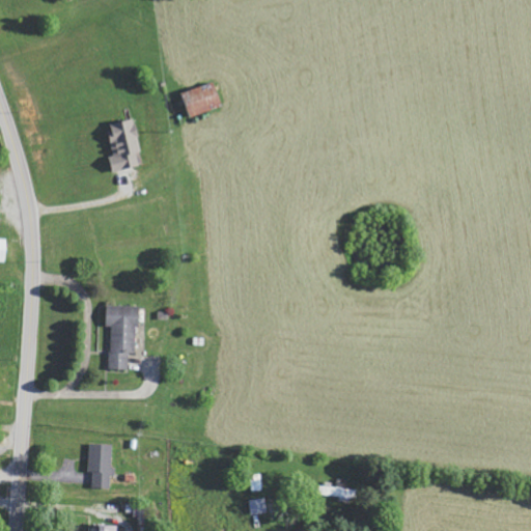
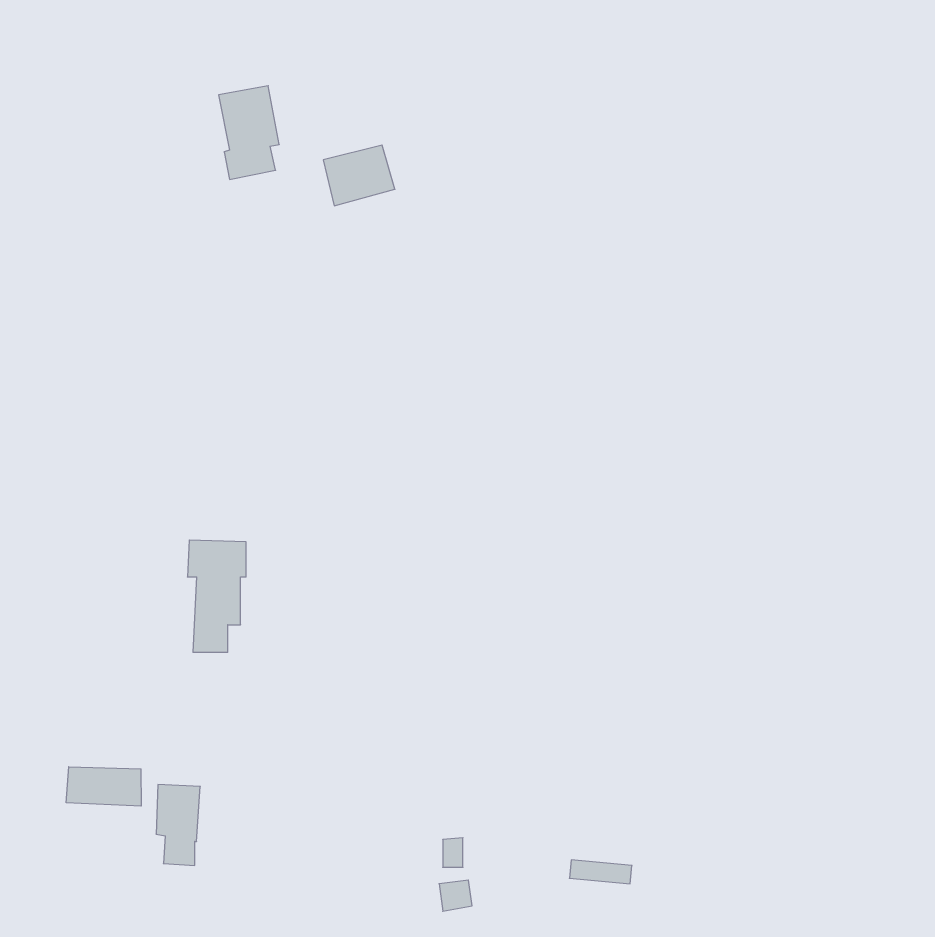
building: [107,118,141,171] -> [219,86,279,179]
building: none -> [66,767,141,806]

